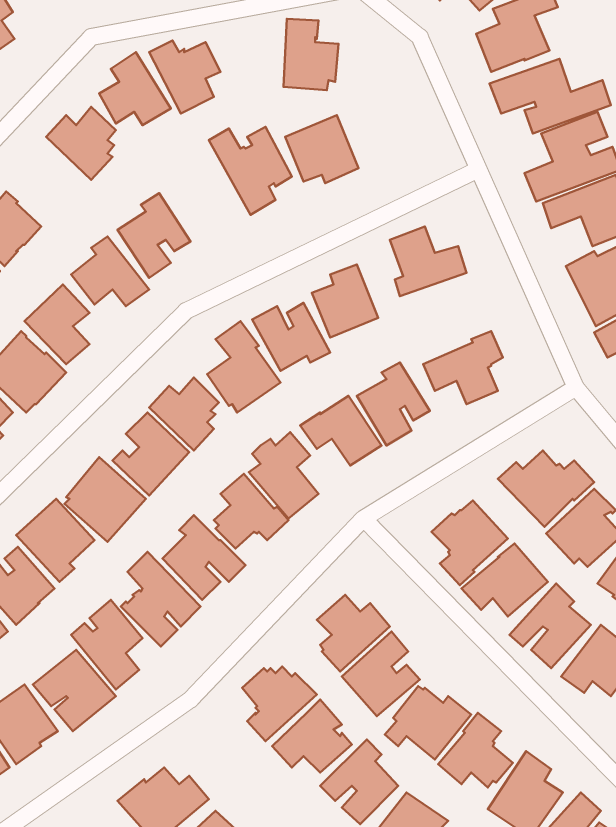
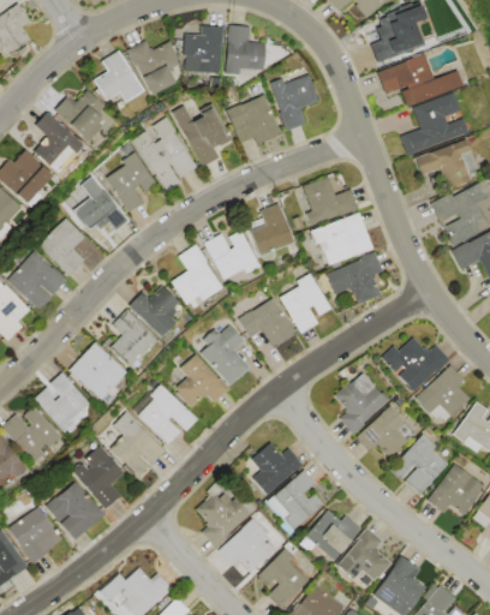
building: none -> [183,25,222,73]
building: none -> [270,74,318,131]
building: none -> [30,113,82,171]
building: none -> [133,117,198,192]
building: none -> [309,213,374,265]

